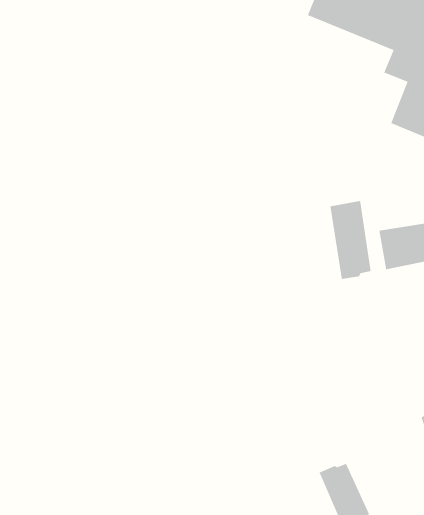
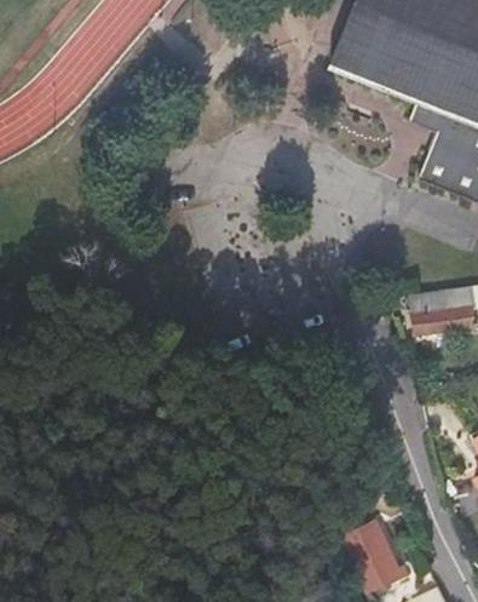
building: [329,200,371,280] -> none

